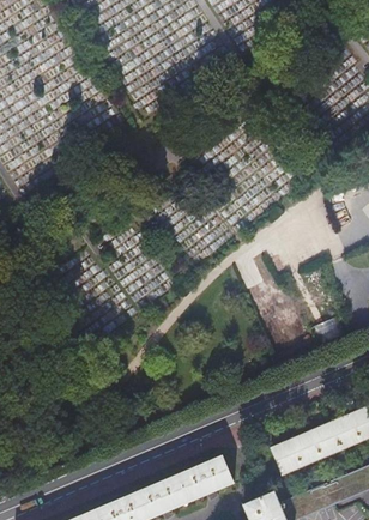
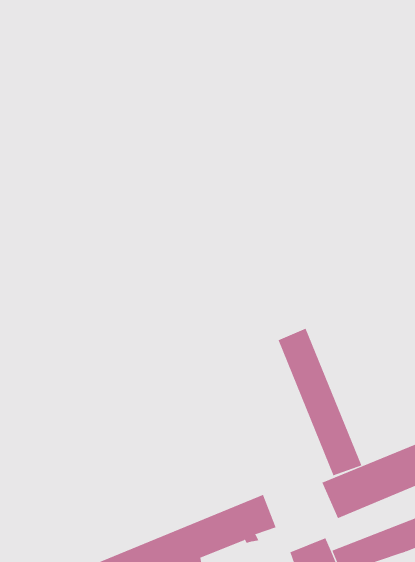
building: none -> [278,328,362,476]

